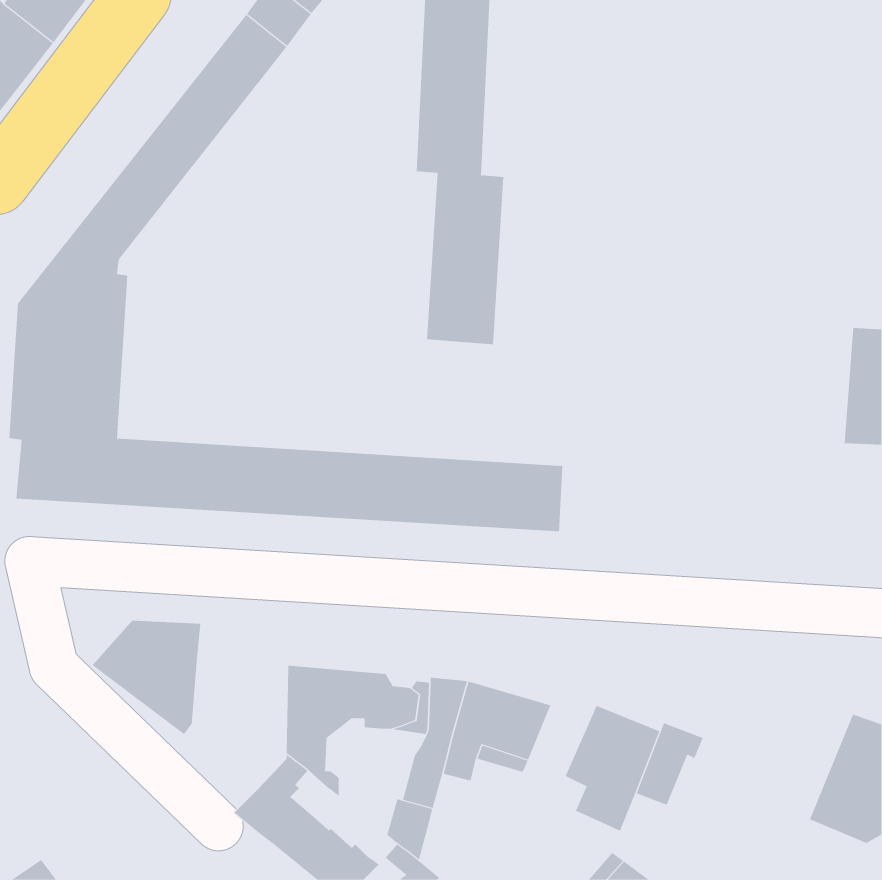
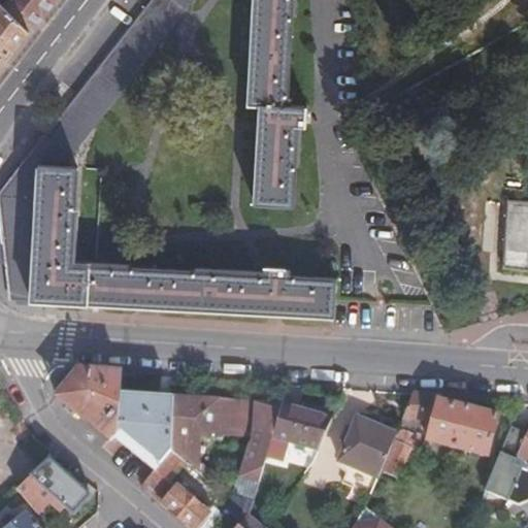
building: none -> [401,392,492,454]
building: none -> [111,394,171,469]
building: none -> [16,458,90,514]

